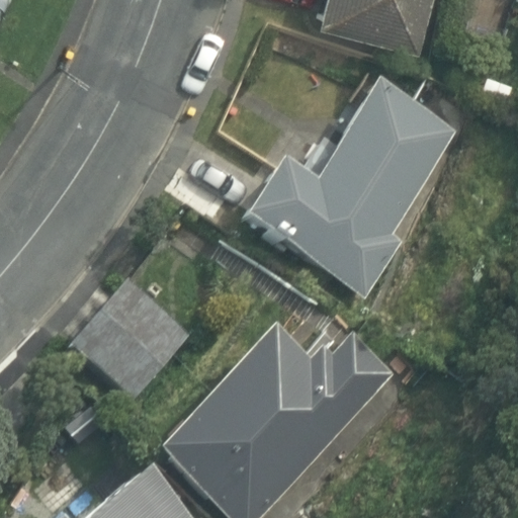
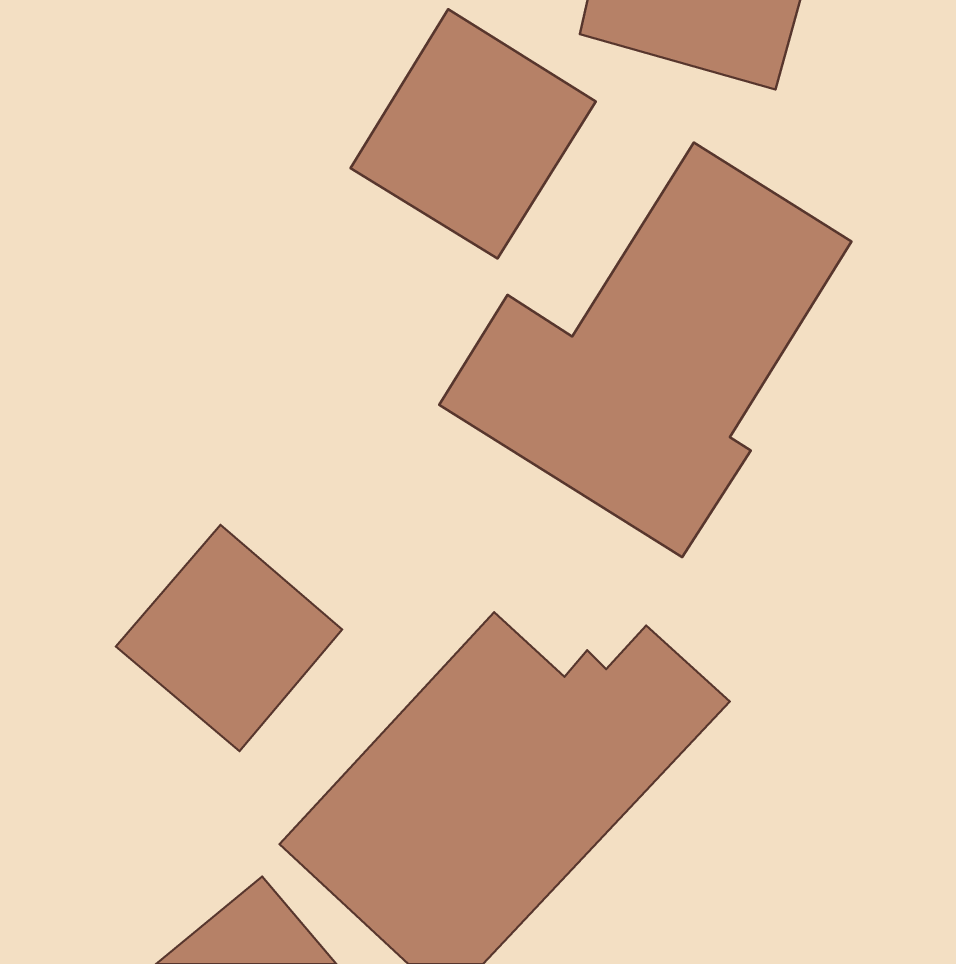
building: none -> [350,9,596,258]

